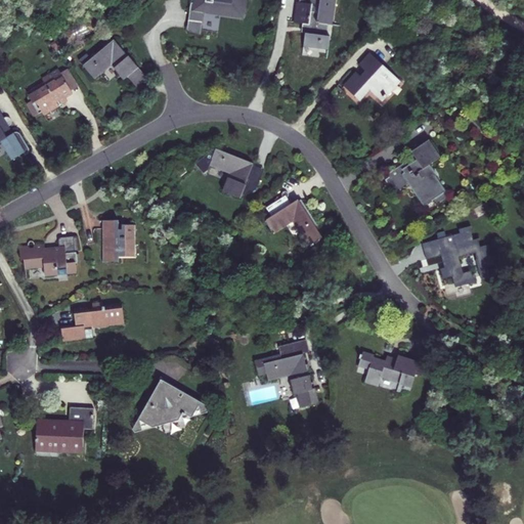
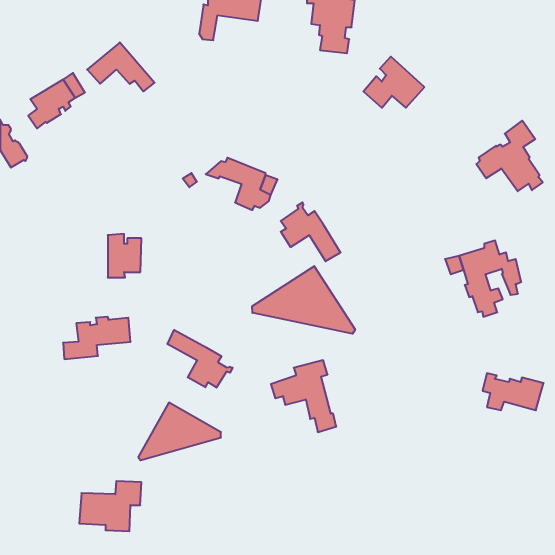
building: [384,139,446,206] -> [476,121,543,191]
building: [18,236,75,275] -> none
building: none -> [252,266,355,334]
building: none -> [167,330,233,388]
building: [358,351,416,386] -> [483,373,544,410]
building: [35,407,93,454] -> [79,481,141,531]

